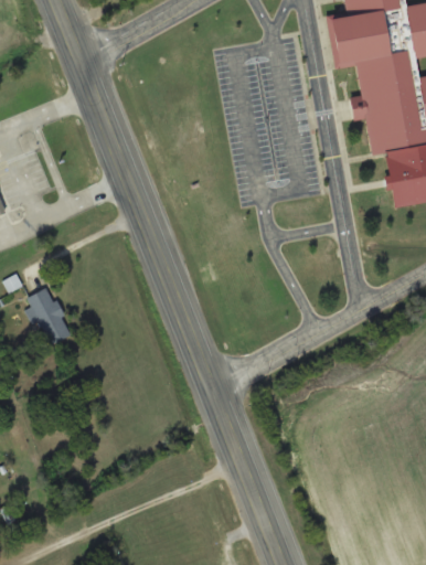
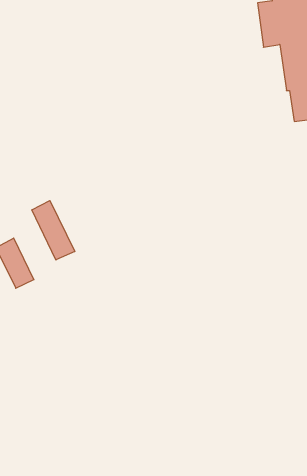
building: none -> [32,201,75,260]

